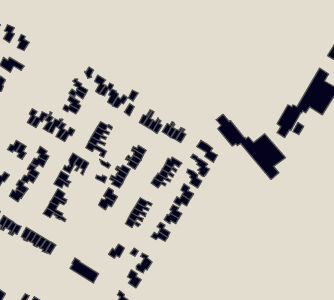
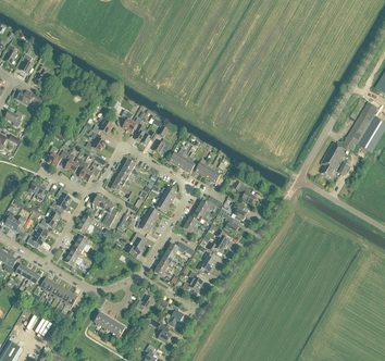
building: [216,114,285,179] -> none

